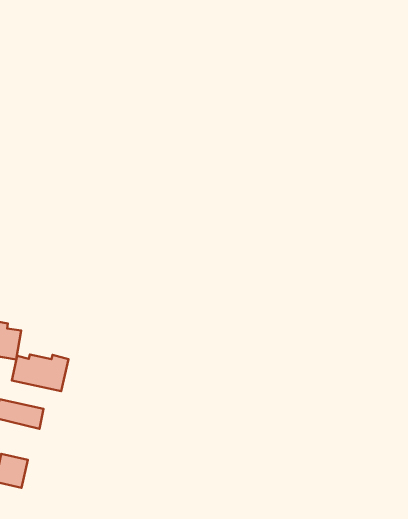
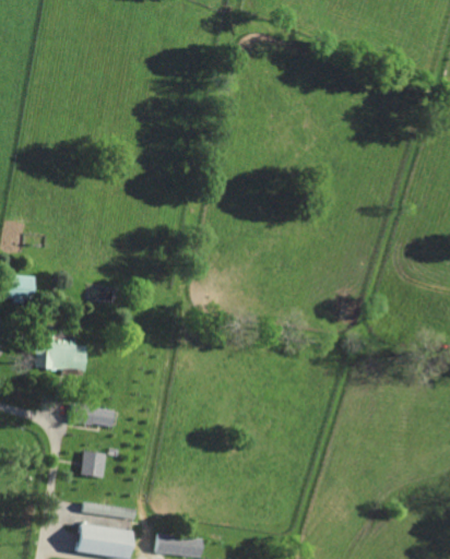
building: [12,355,69,391] -> none

